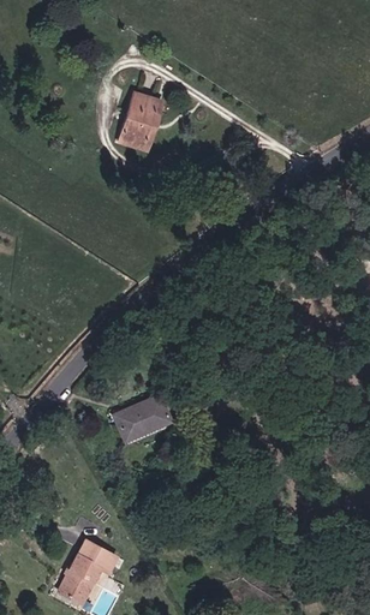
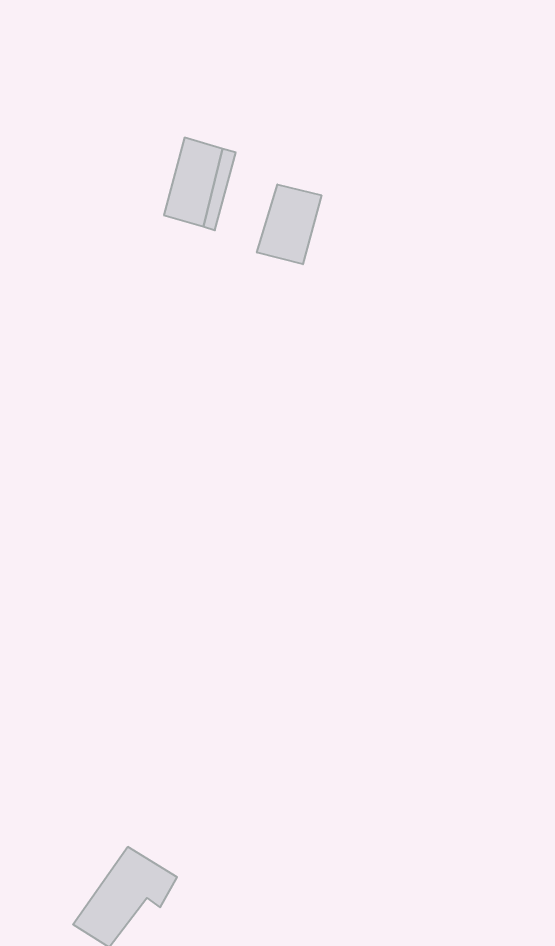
building: none -> [257,184,321,264]
building: [121,390,178,440] -> none

